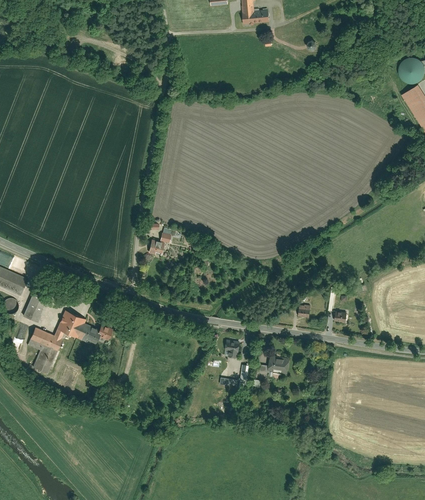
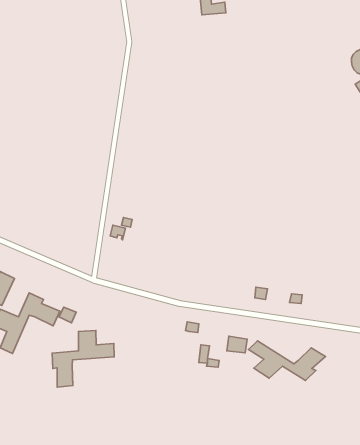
building: none -> [52,331,114,387]
building: none -> [249,341,325,381]

